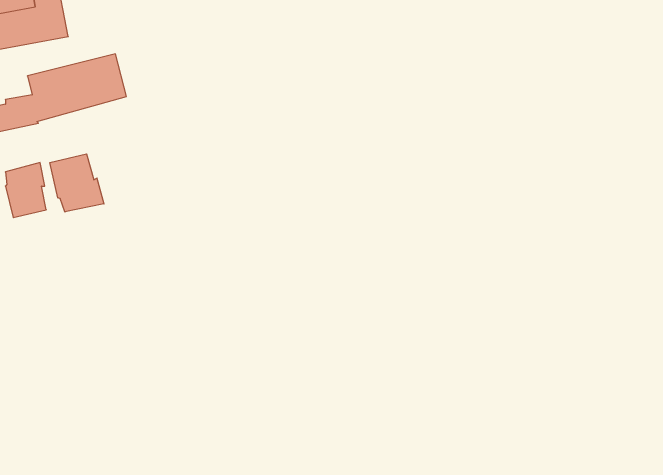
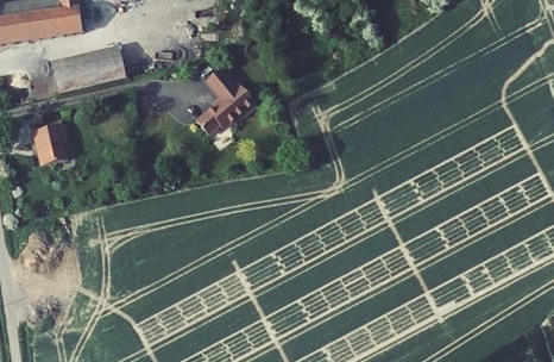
building: none -> [196,67,257,135]
building: [50,154,104,212] -> none

